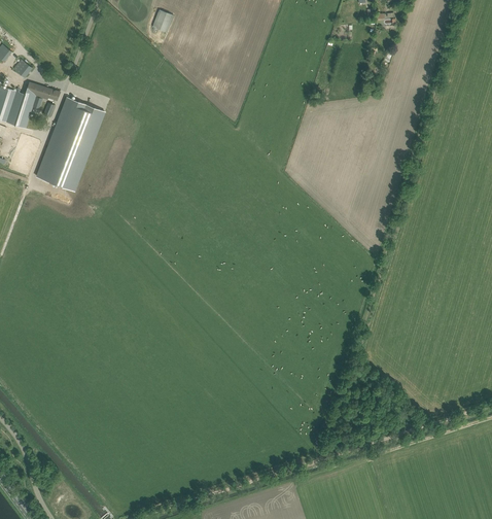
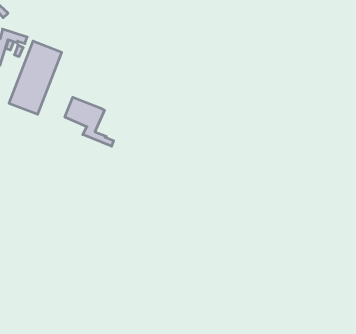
building: none -> [65,97,114,146]

